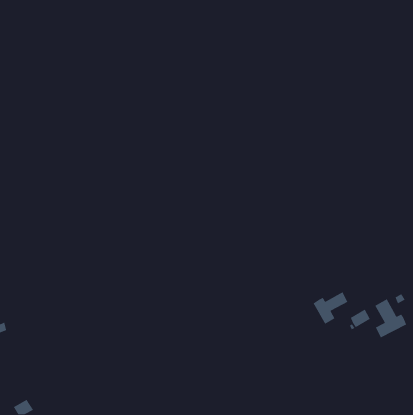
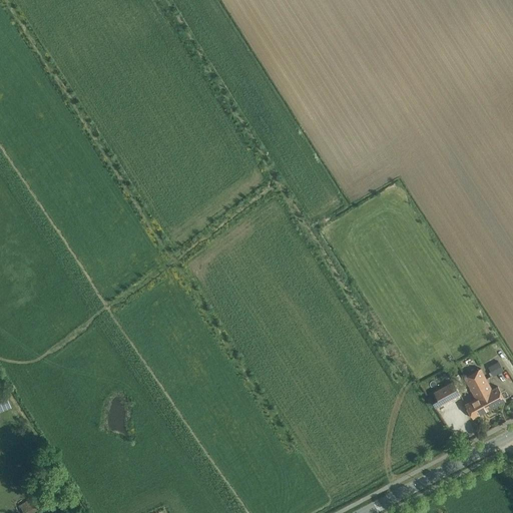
building: [313,291,348,325] -> none

